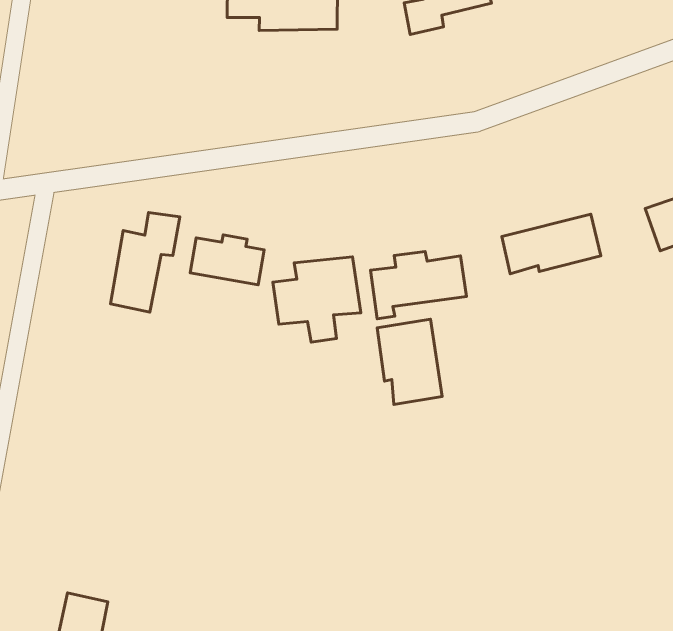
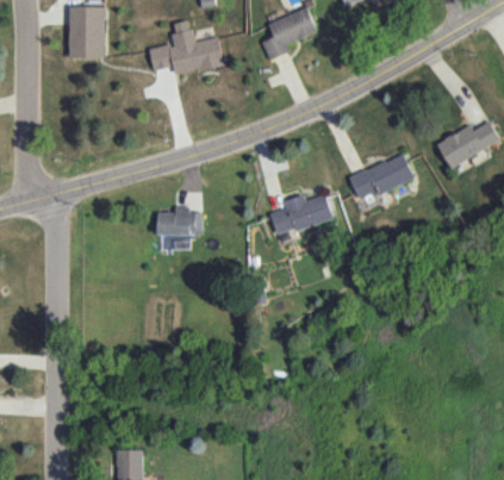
building: [111,212,180,312] -> none
building: [273,257,361,342] -> none
building: [377,319,442,404] -> none

